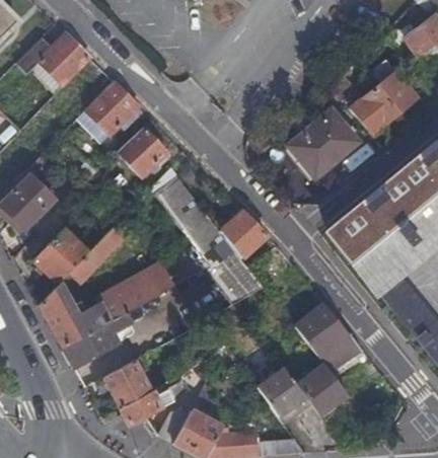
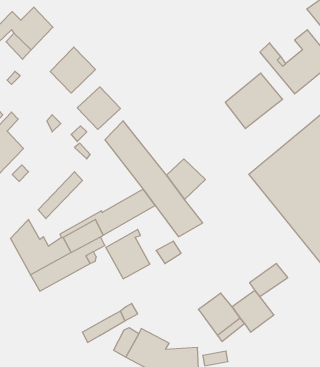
building: [36,229,90,284] -> none
building: [296,302,352,356] -> none
building: [104,356,156,413] -> [106,229,150,279]

